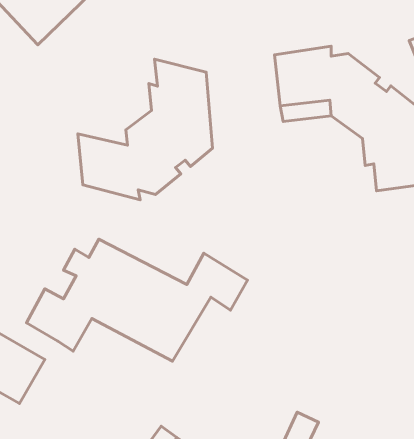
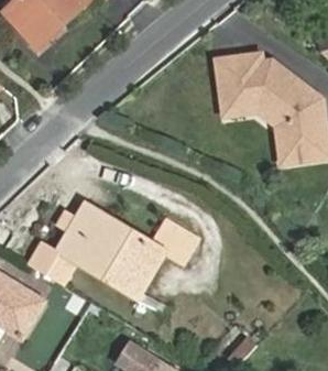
building: [78,59,212,200] -> none

